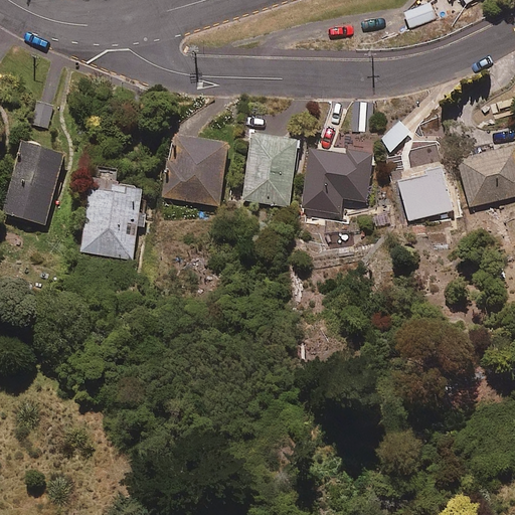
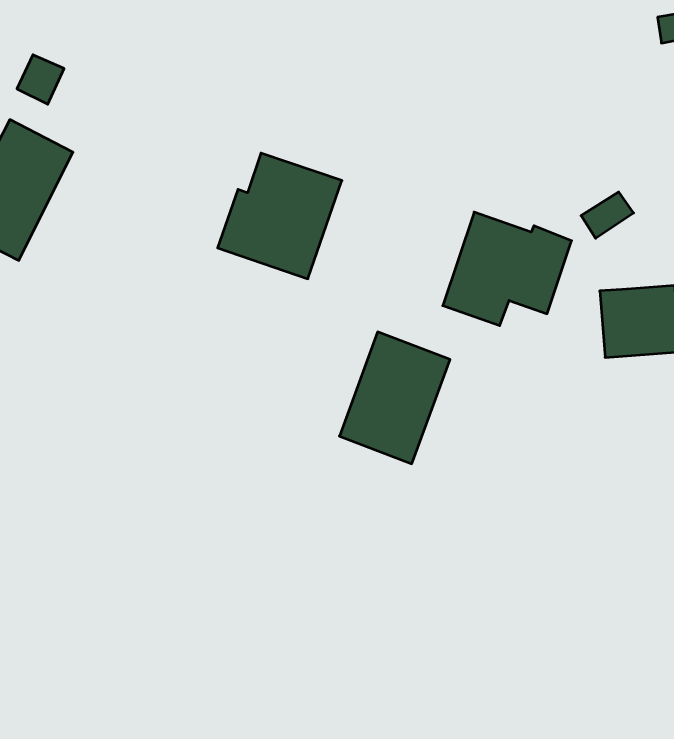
building: [241,132,300,207] -> [339,332,450,464]
building: [80,178,144,260] -> none

